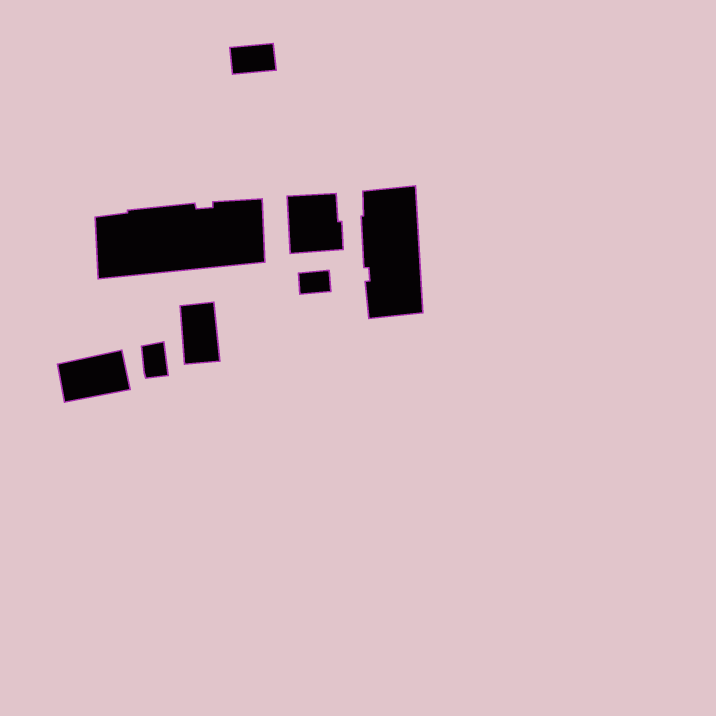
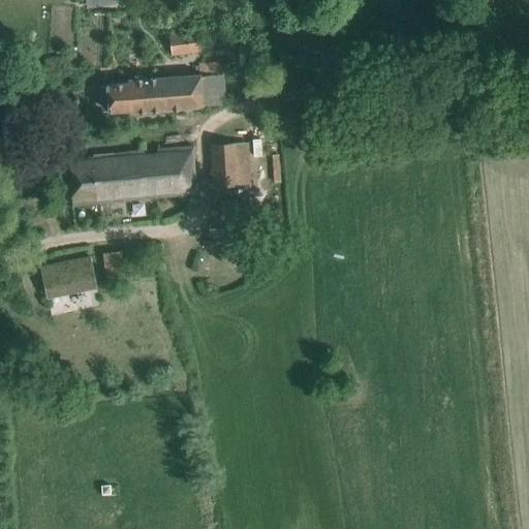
building: none -> [101,63,225,113]
building: [361,186,423,318] -> none
building: [180,302,220,364] -> none

